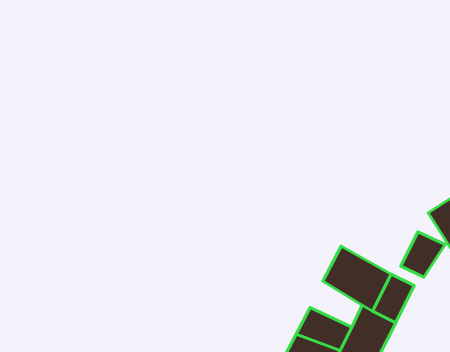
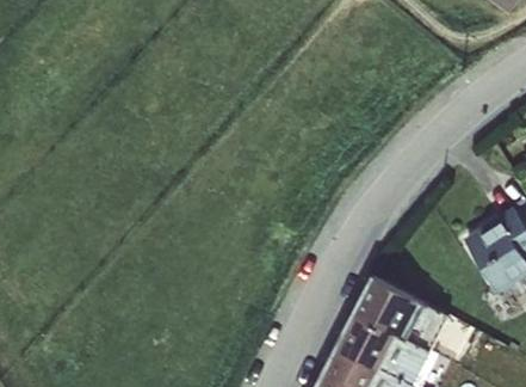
building: [401,232,445,277] -> none
building: none -> [342,311,396,358]

